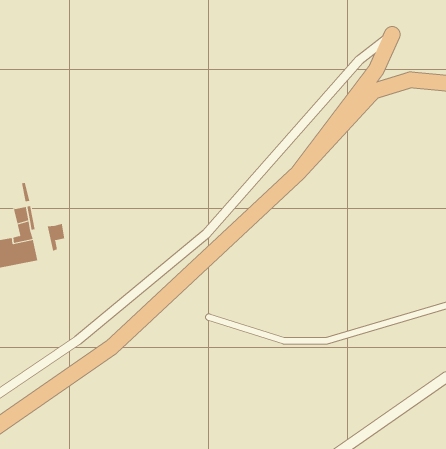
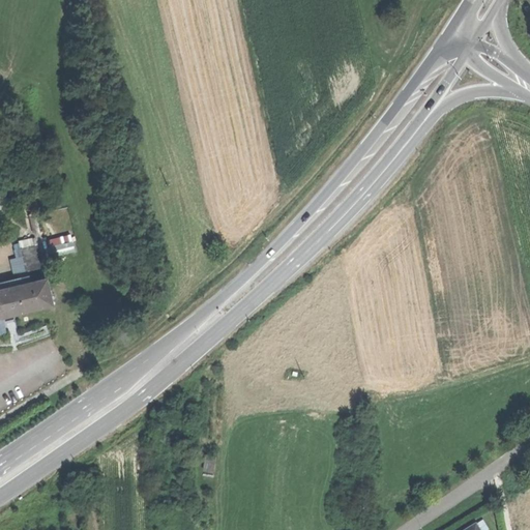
building: [47,223,65,251] -> none

